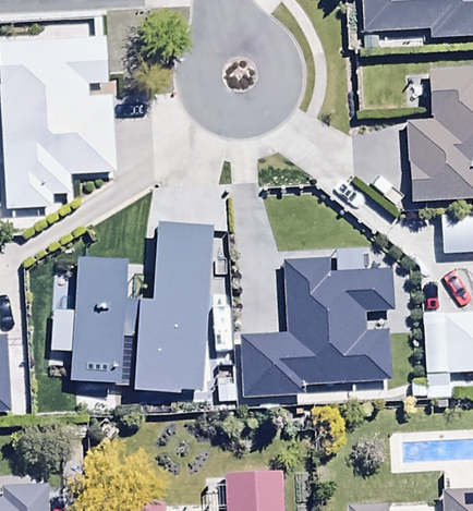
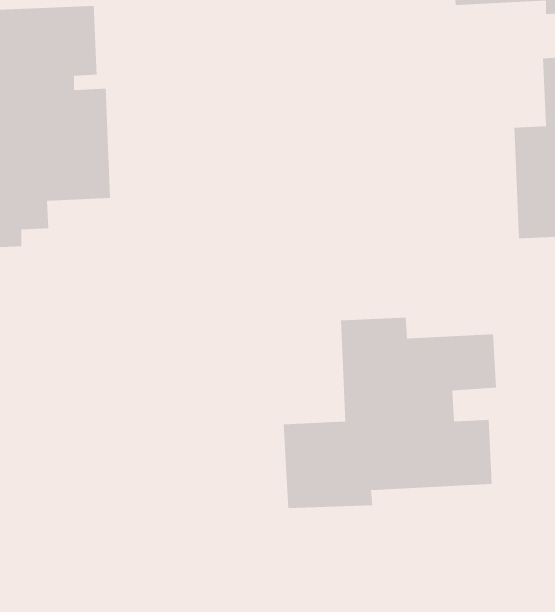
building: [132,223,213,394] -> none
building: [69,259,134,385] -> none

